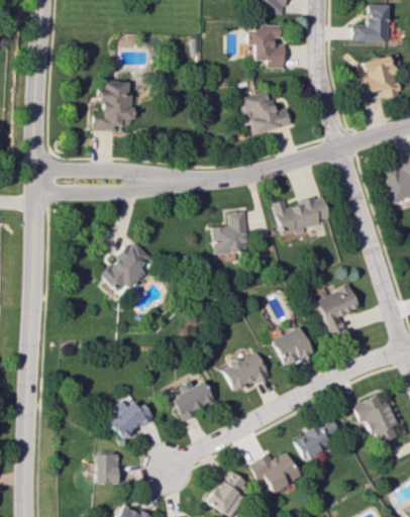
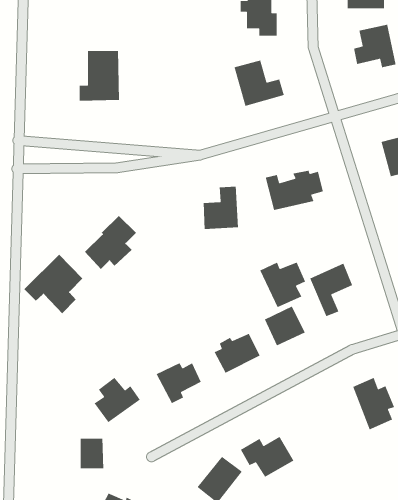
building: none -> [24,254,83,314]
building: none -> [259,262,306,308]
building: [294,419,339,458] -> none

